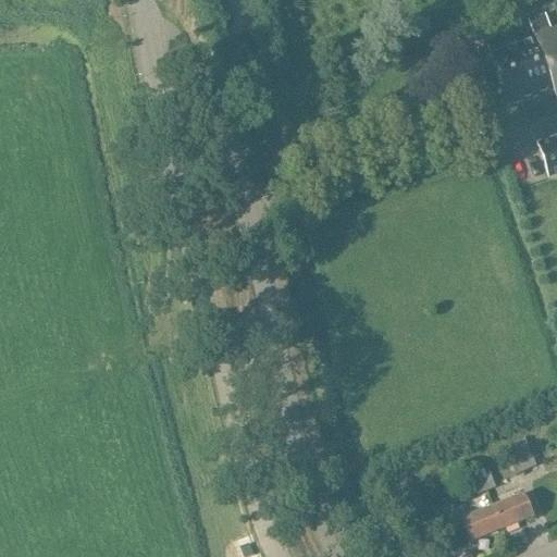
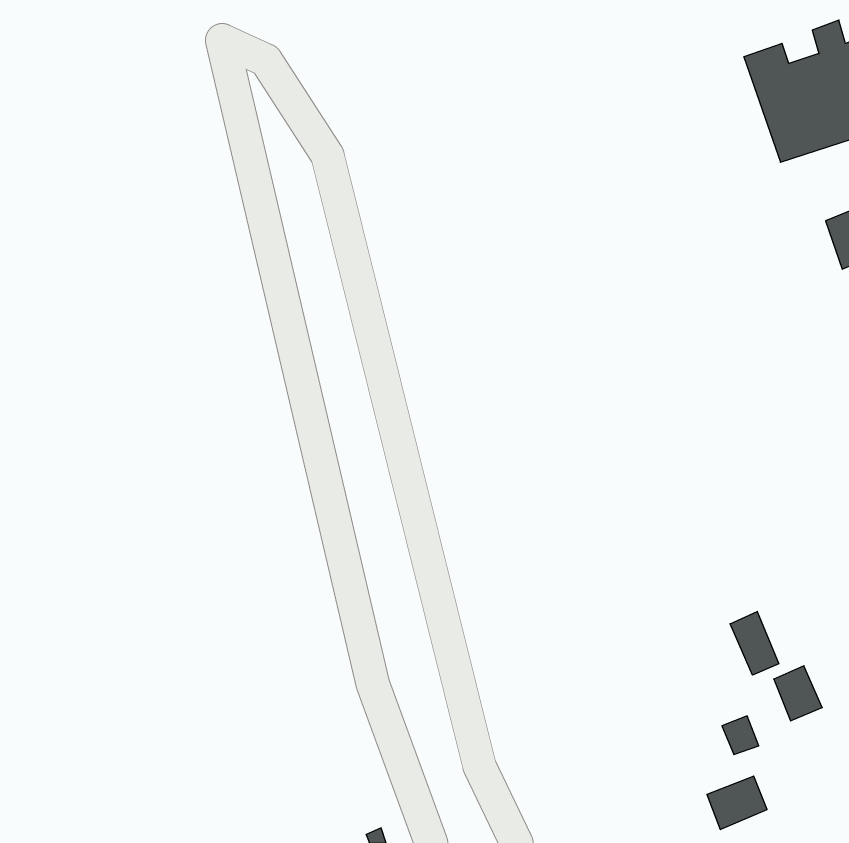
building: none -> [730,611,779,675]
building: [494,492,534,527] -> none

